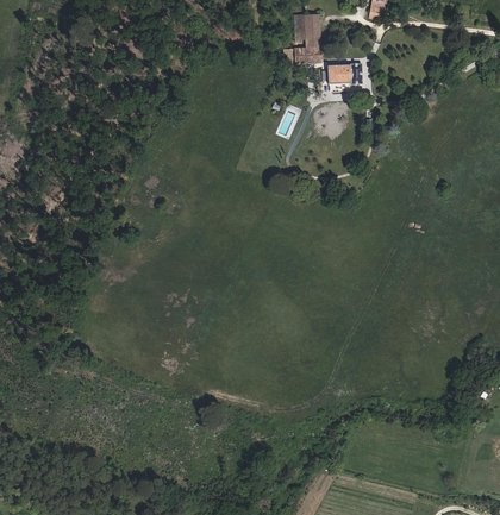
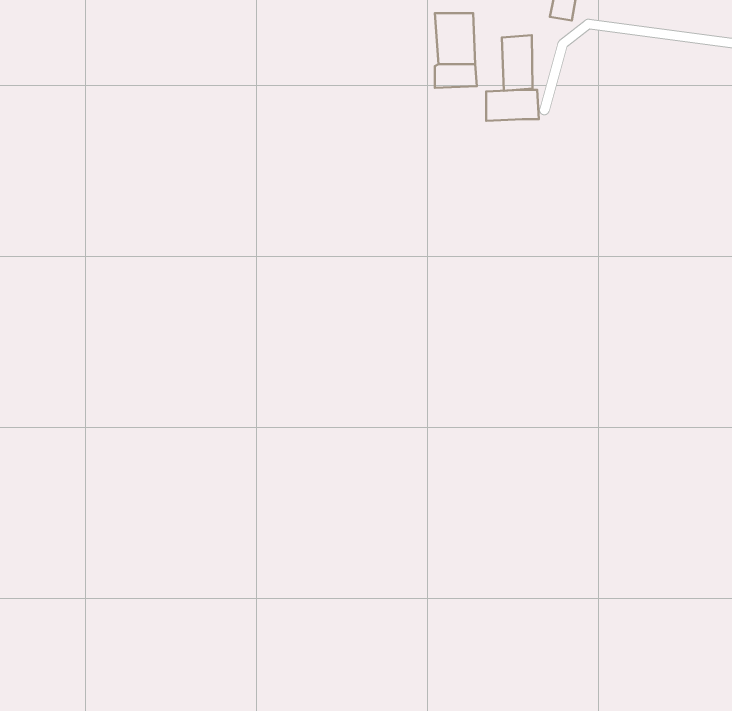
building: none -> [502,35,532,91]

